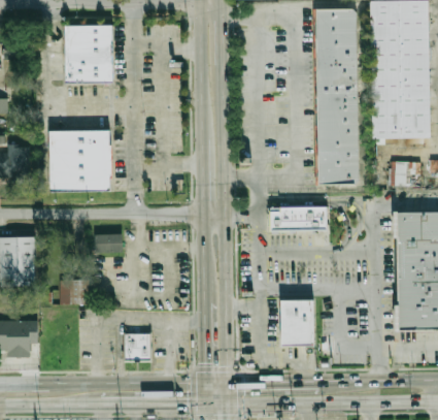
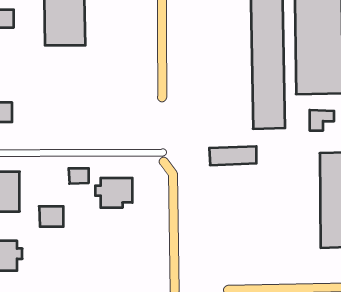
building: [47,130,109,191] -> none
building: none -> [95,178,132,208]
building: [281,295,315,341] -> none
building: [124,333,151,361] -> none

